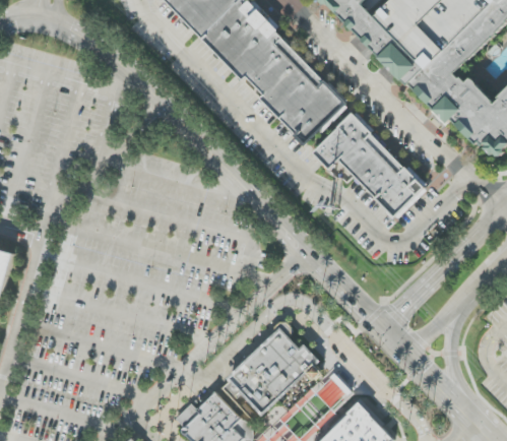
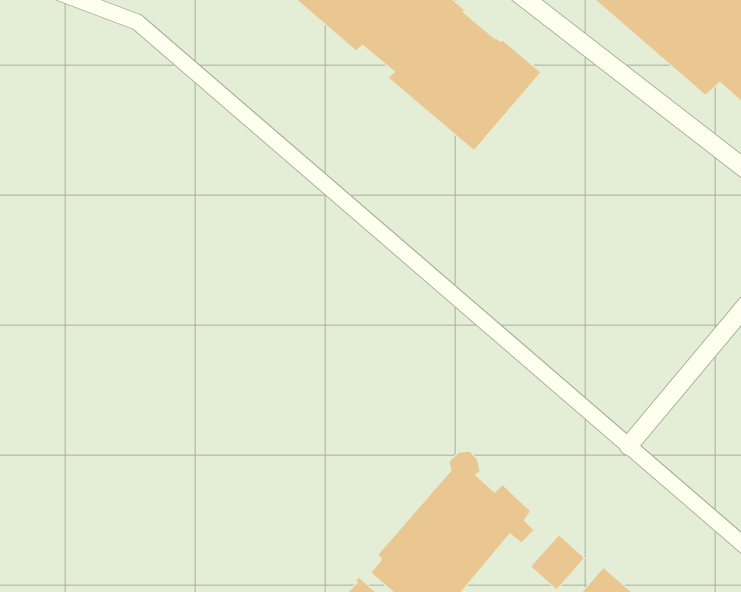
building: [311,111,426,217] -> none

